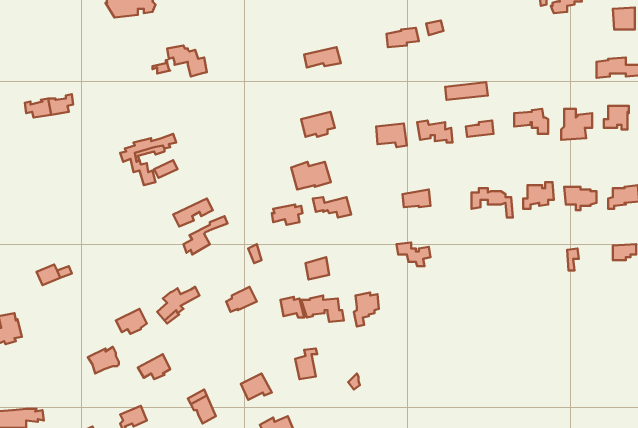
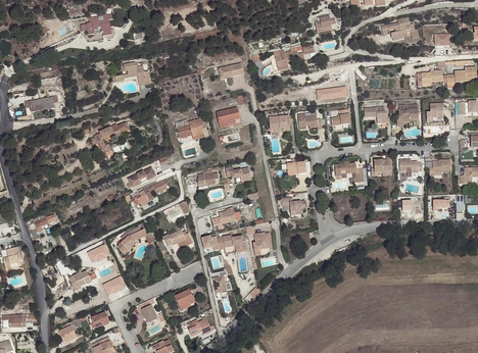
building: [291,162,331,190] -> [176,118,203,138]

